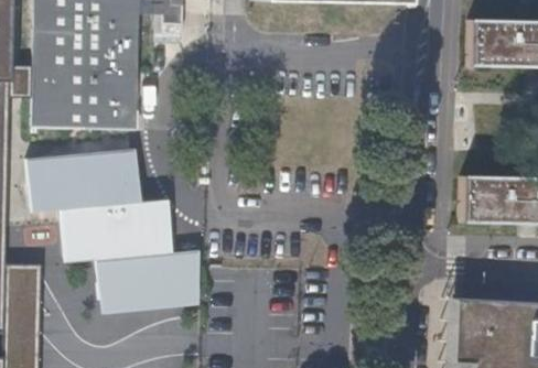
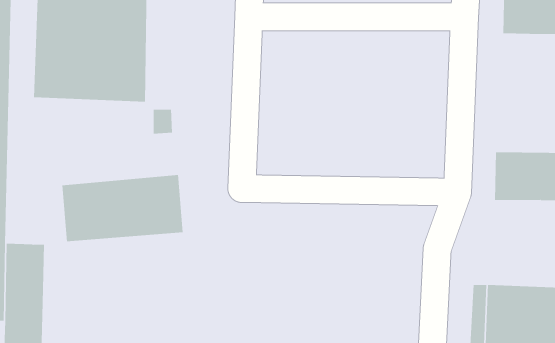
building: [25,147,139,209] -> none
building: [95,248,204,311] -> none

